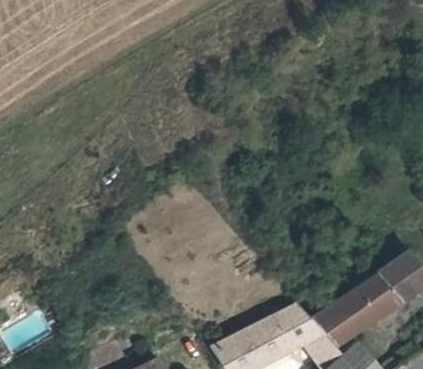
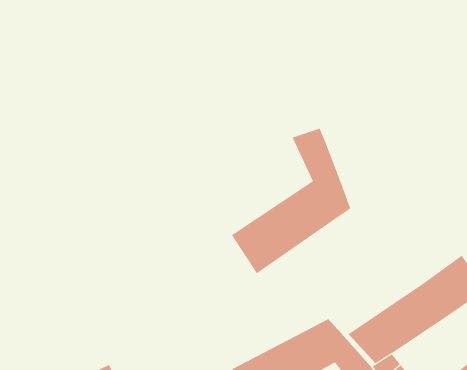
building: none -> [231,128,351,274]

